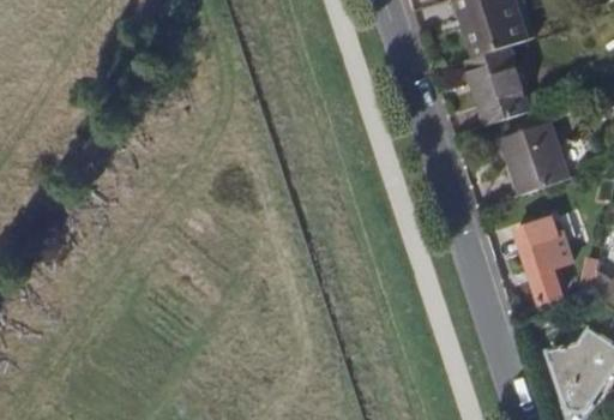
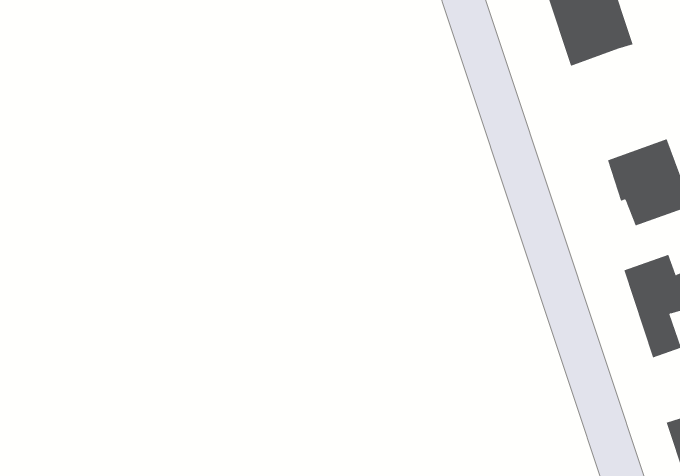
building: [465,48,530,125] -> none

